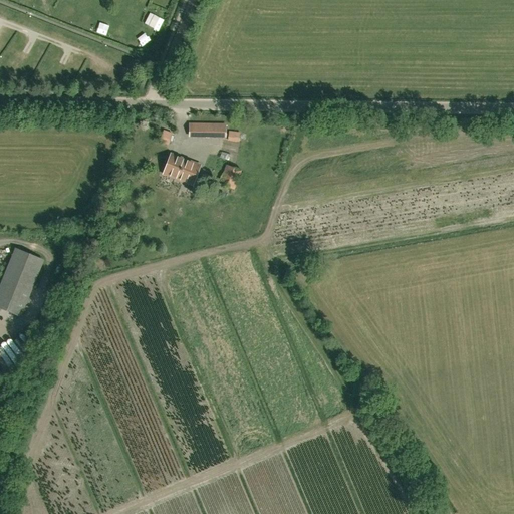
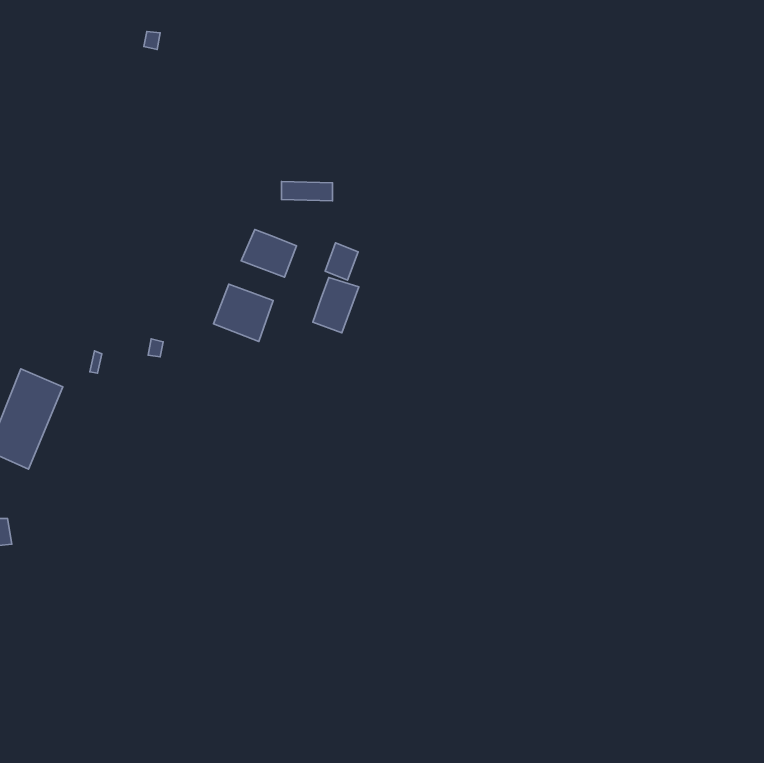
building: none -> [313,277,359,333]
building: none -> [214,284,273,341]

